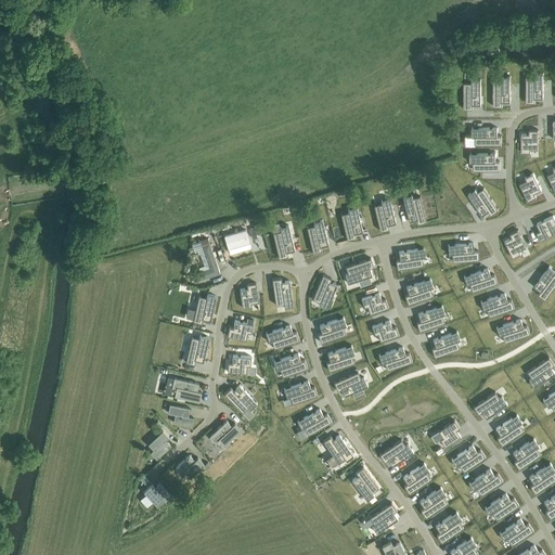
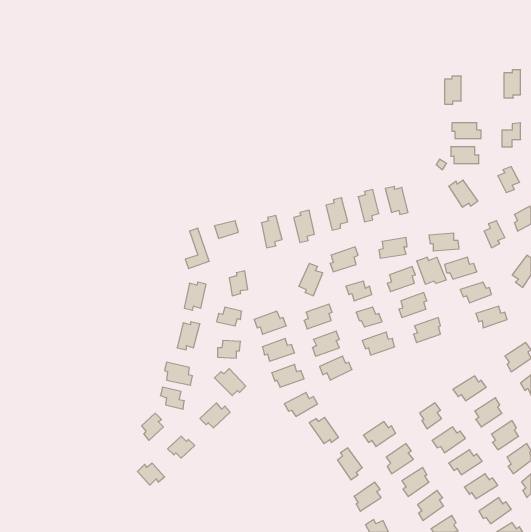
building: [492,77,509,106] -> none
building: none -> [417,257,446,284]
building: [271,278,292,307] -> none

